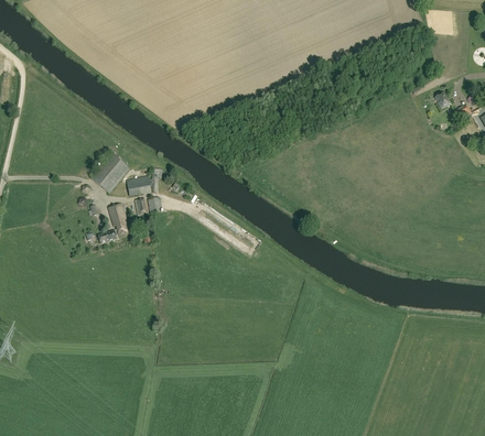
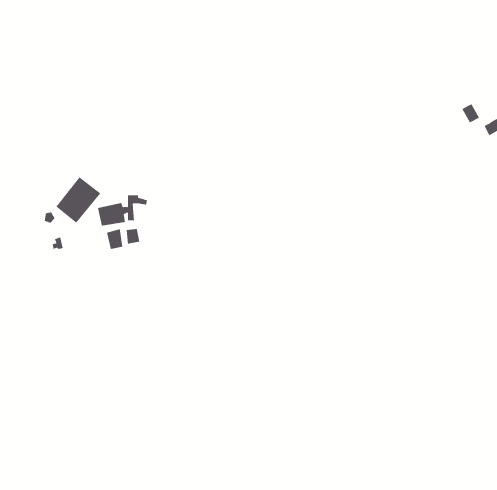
building: [97,203,129,242] -> none

